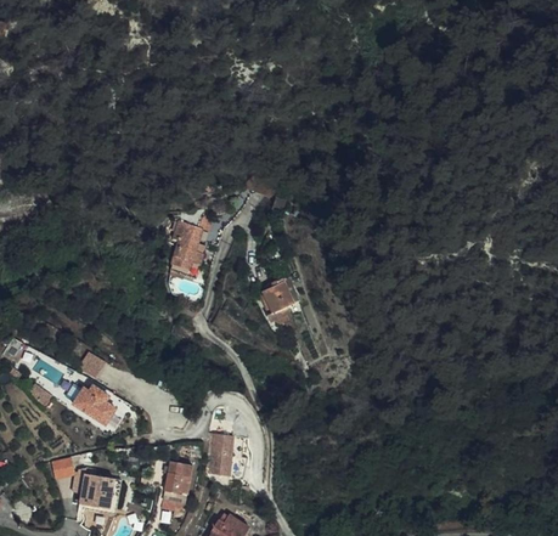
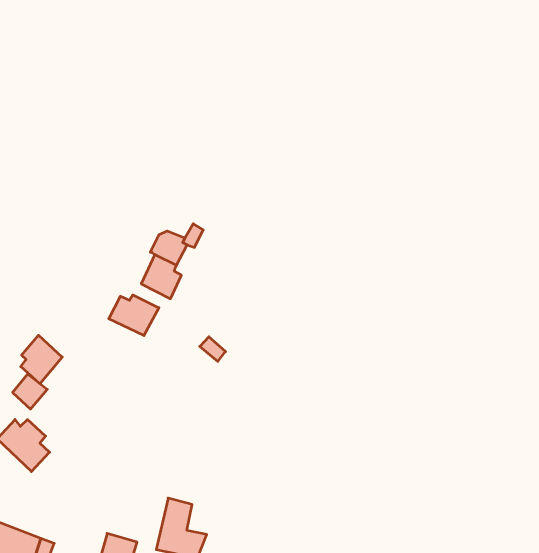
building: none -> [109,295,159,336]
building: [261,284,293,323] -> none
building: none -> [21,335,62,384]

